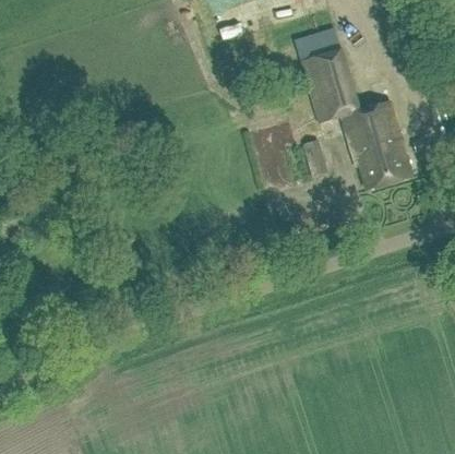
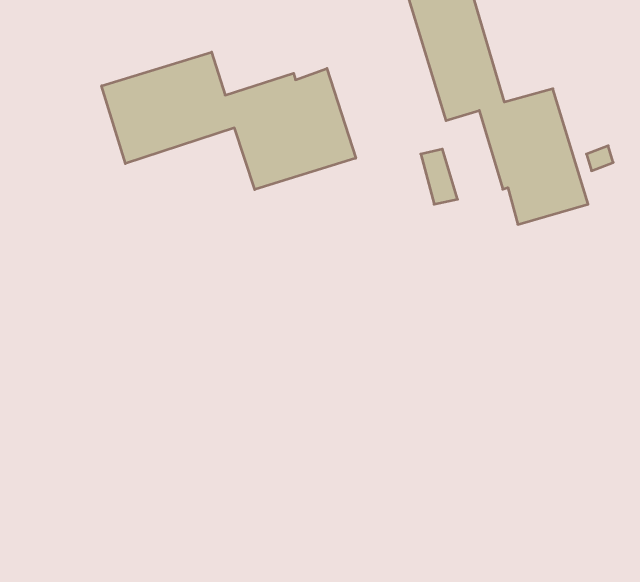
building: none -> [102,52,356,190]

